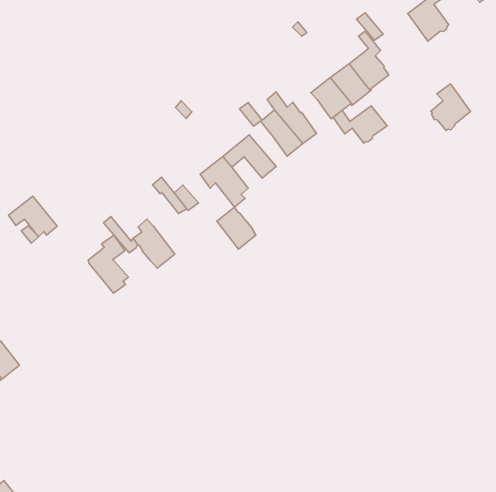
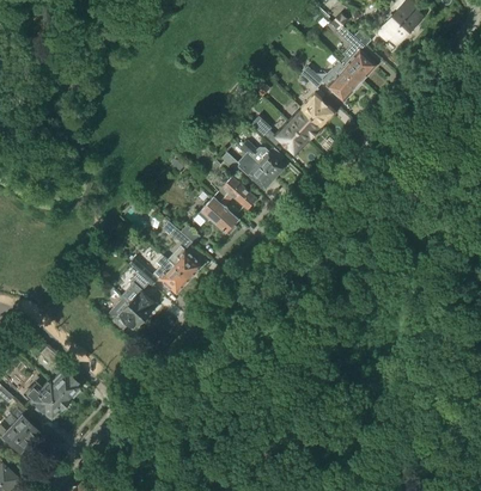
building: [431,84,471,130] -> [329,63,360,100]
building: [333,106,387,143] -> none
building: [8,196,57,237] -> [106,299,146,330]
building: [217,207,256,249] -> [169,248,201,281]

